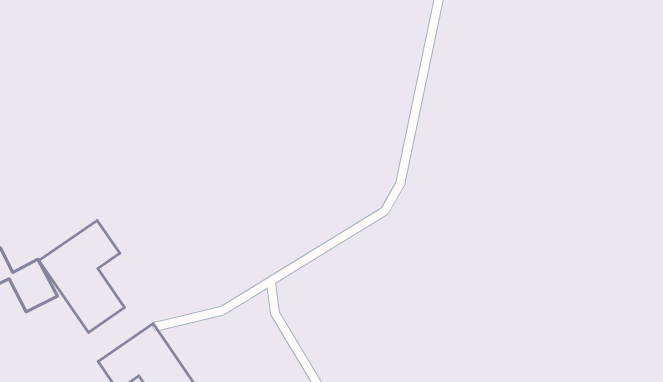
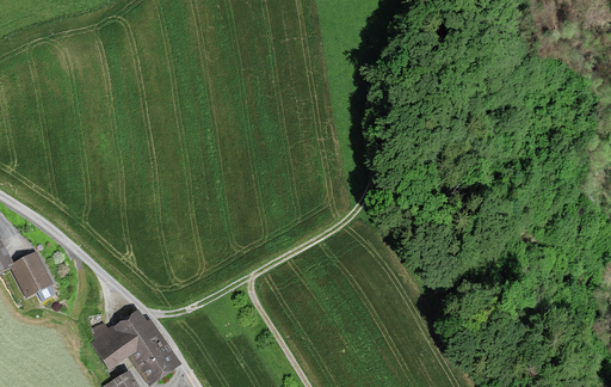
building: [39,220,125,332] -> none

